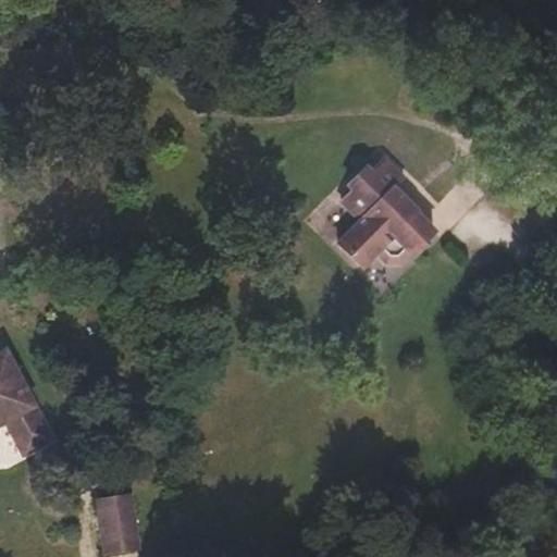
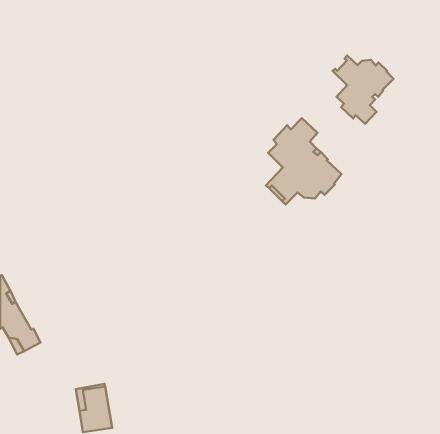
building: none -> [333,56,393,124]

